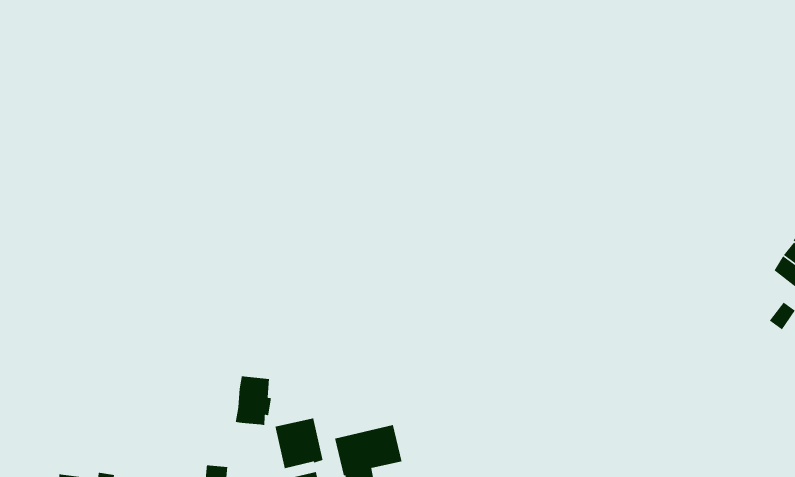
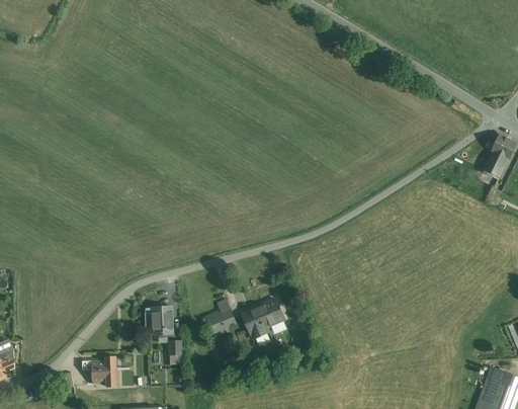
building: [235,375,272,426] -> [152,305,172,334]

